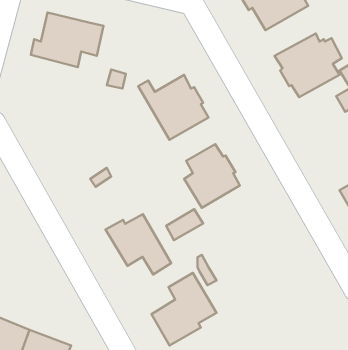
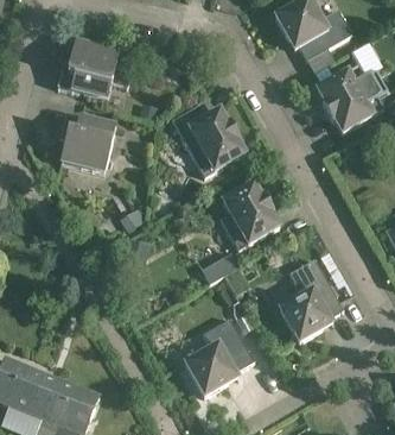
building: none -> [60,114,115,172]
building: [106,214,171,275] -> none
building: none -> [279,259,343,341]

